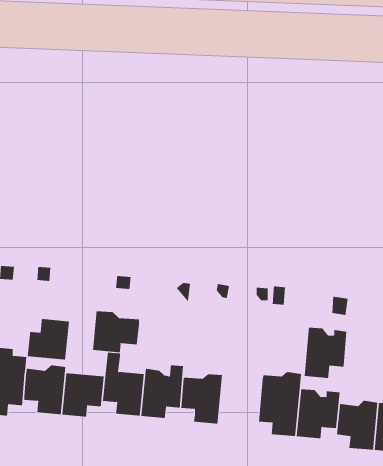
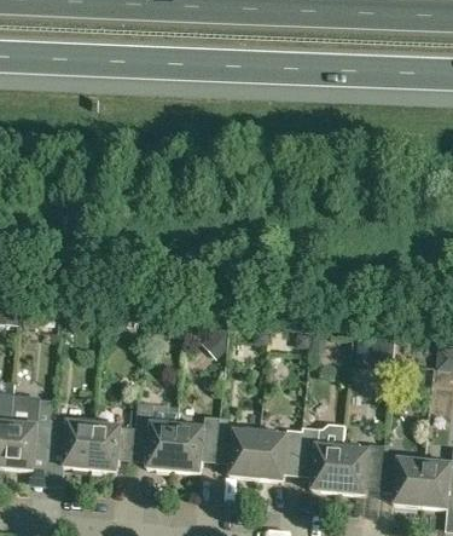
building: [93,311,140,353] -> none
building: [27,318,75,361] -> none
building: [304,327,347,378] -> [255,427,301,482]

